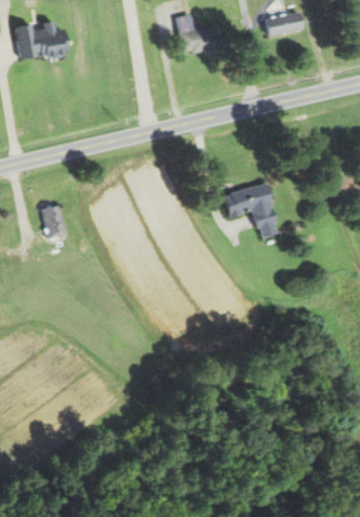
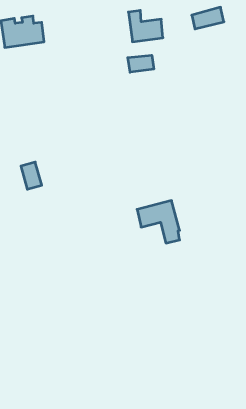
building: none -> [128,55,154,72]
building: [222,184,275,237] -> [137,201,180,243]

